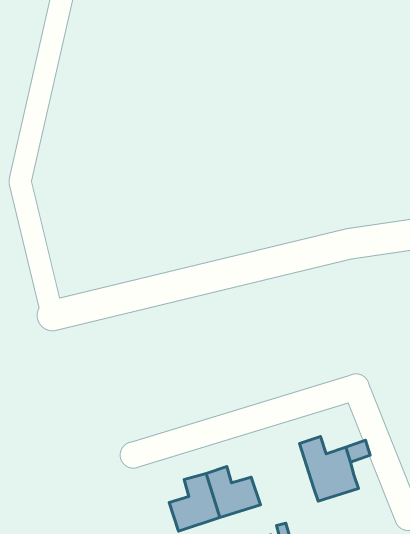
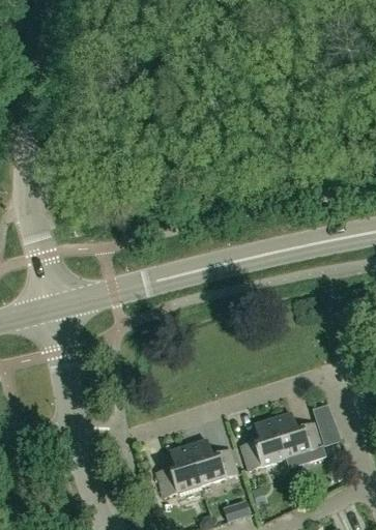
building: none -> [240,418,285,470]

